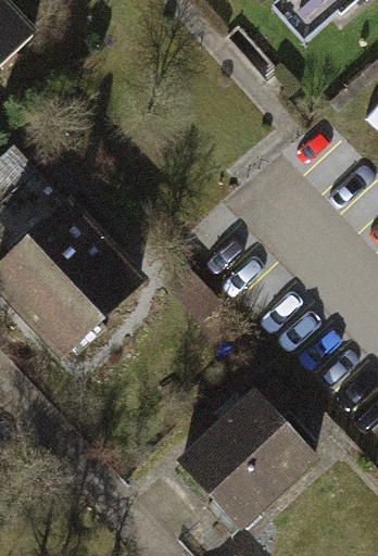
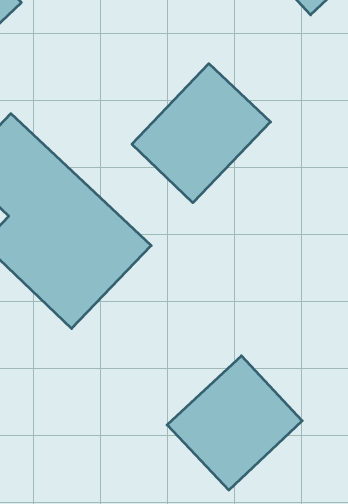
building: none -> [132,64,271,203]

